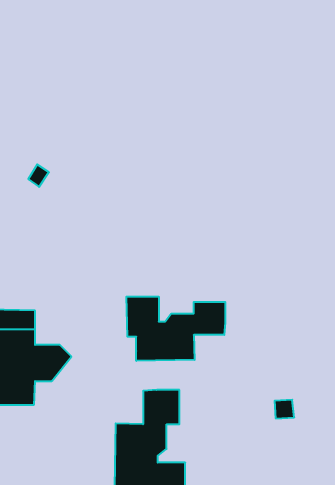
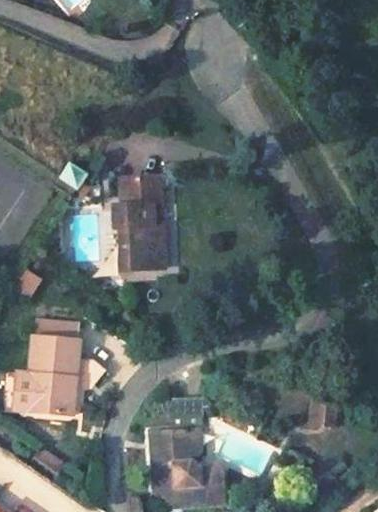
building: none -> [113,176,167,271]
building: [126,297,225,361] -> none

